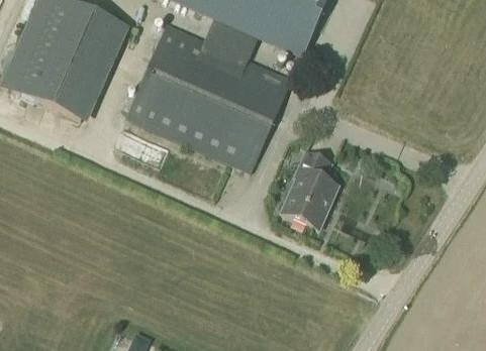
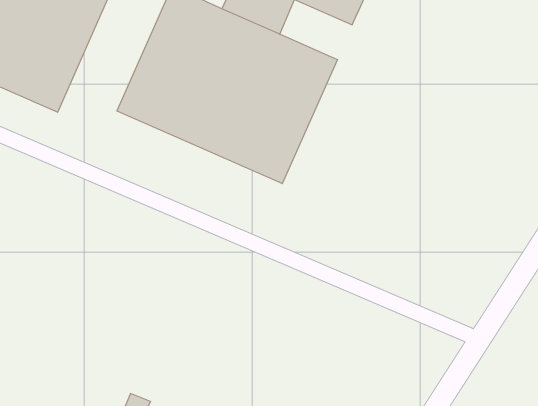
building: [283,152,338,228] -> none

